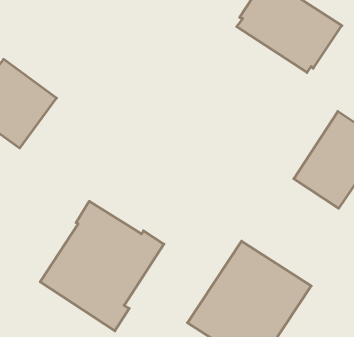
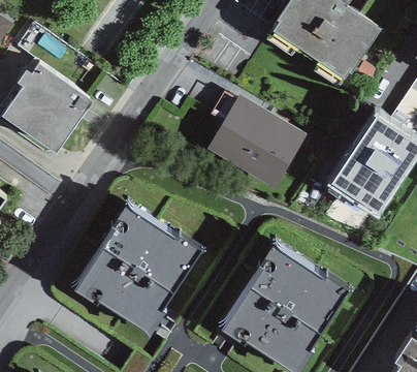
building: none -> [206,94,306,188]

